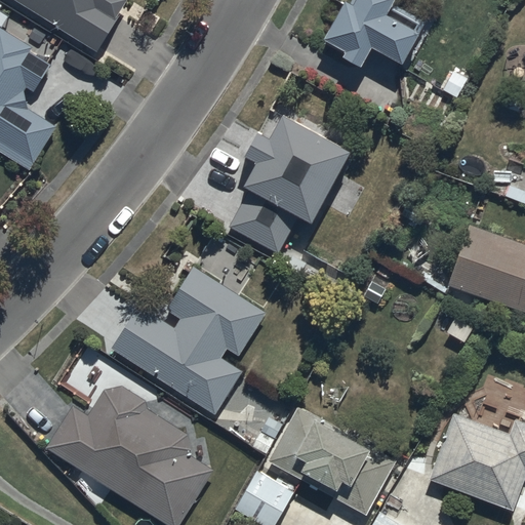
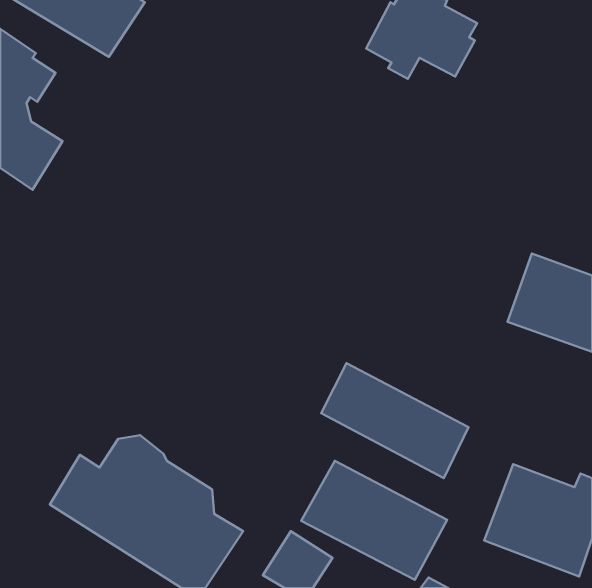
building: [229,118,351,254] -> none
building: [111,267,266,414] -> none
building: none -> [321,363,468,478]

